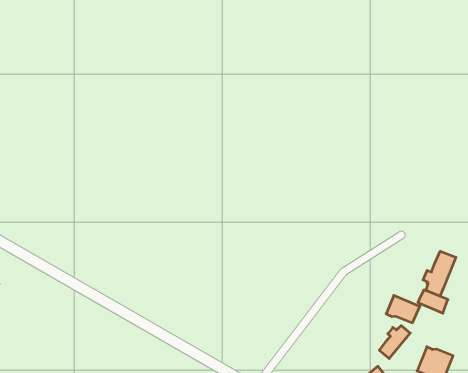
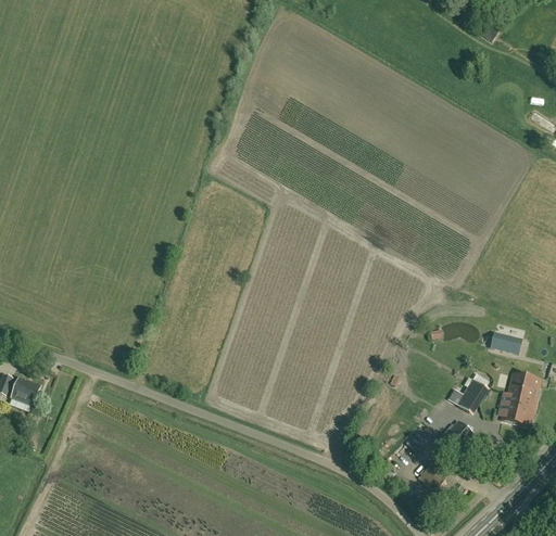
building: [423,251,456,296] -> none
building: [386,295,420,323] -> [506,371,541,397]

